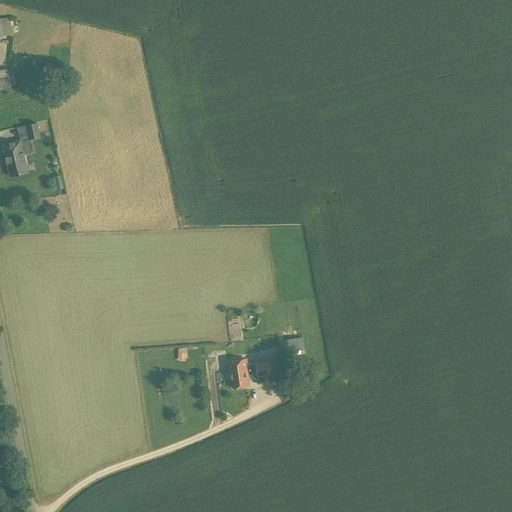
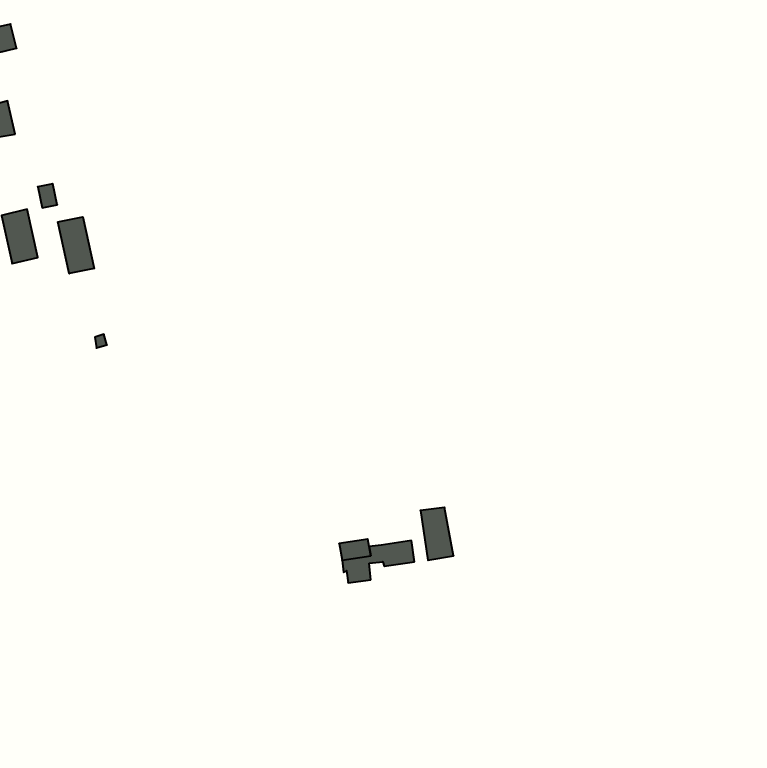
building: none -> [58,217,94,274]

